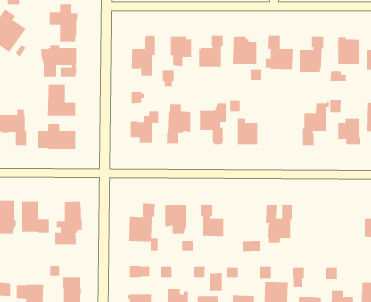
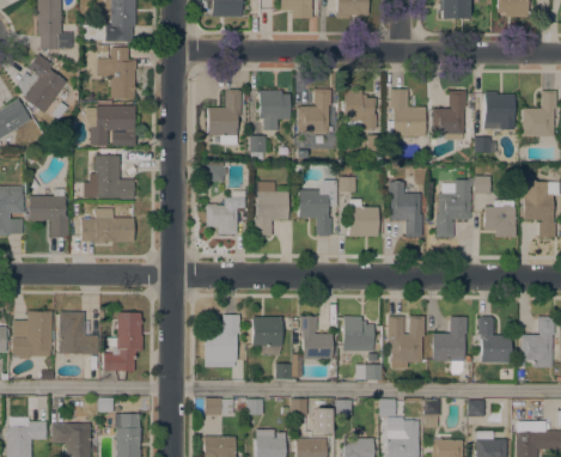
building: none -> [389,181,422,236]
building: none -> [343,316,373,351]
building: none -> [433,316,468,373]
building: none -> [478,316,511,362]

